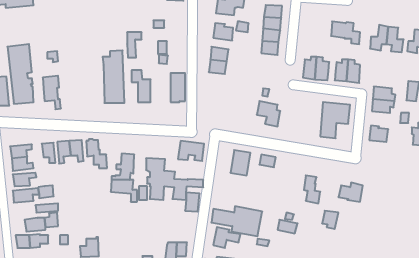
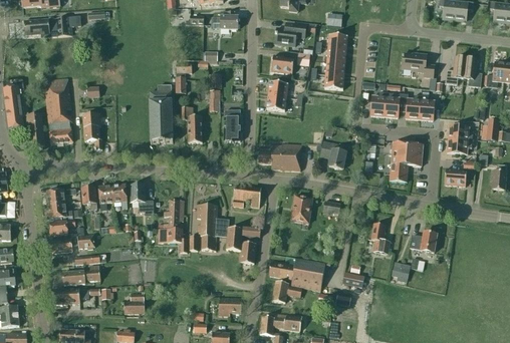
building: none -> [258,144,301,170]

